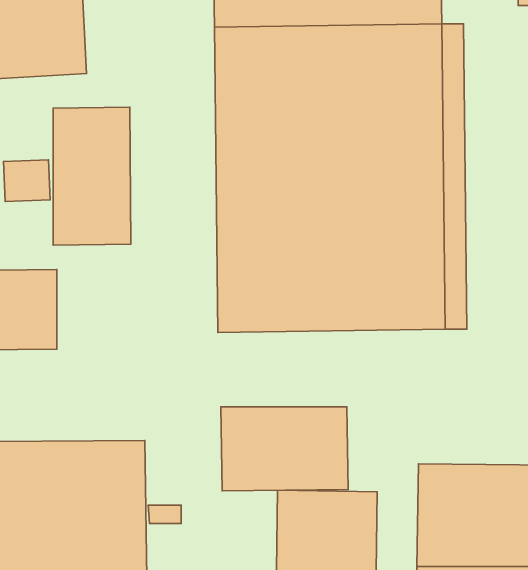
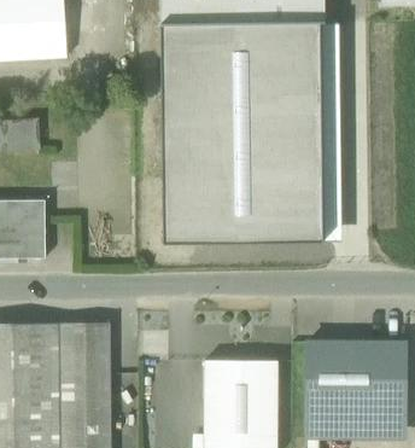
building: [53,107,131,245] -> none
building: [221,407,348,491] -> none

